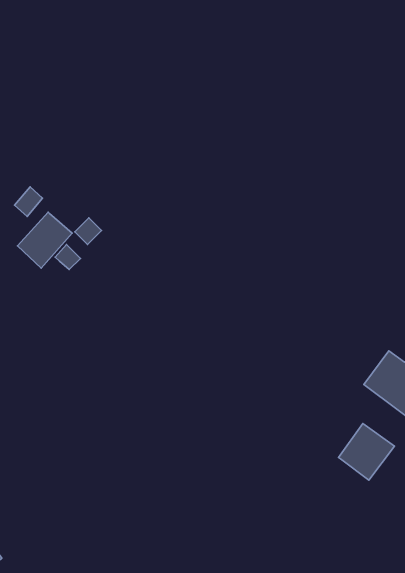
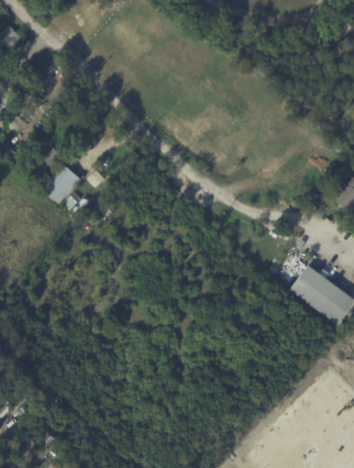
building: [339,424,395,480] -> none

